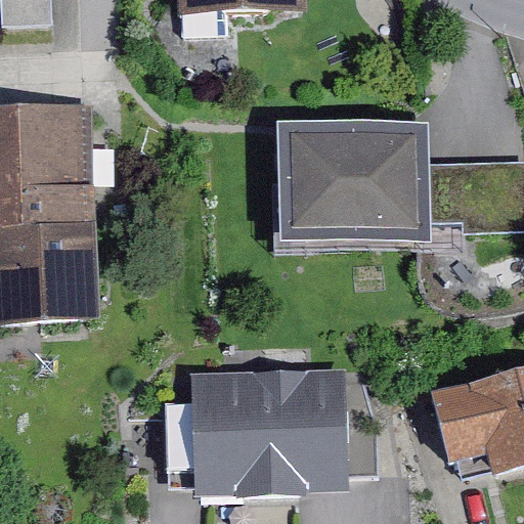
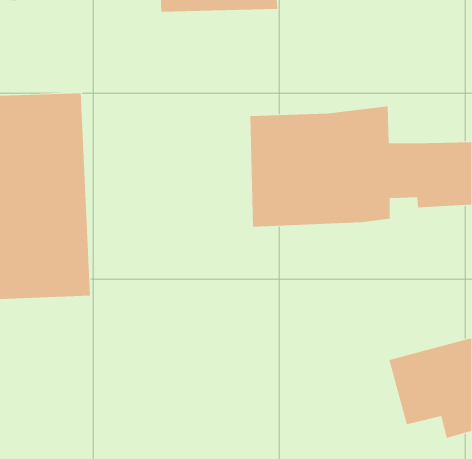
building: [188,363,349,503] -> none

